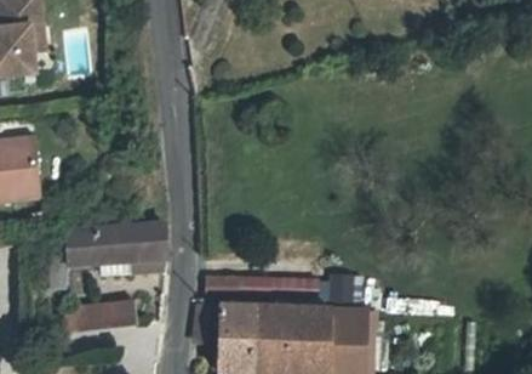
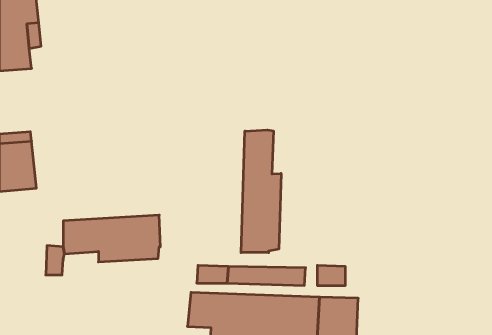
building: none -> [241,130,281,253]
building: [64,300,137,332] -> none

